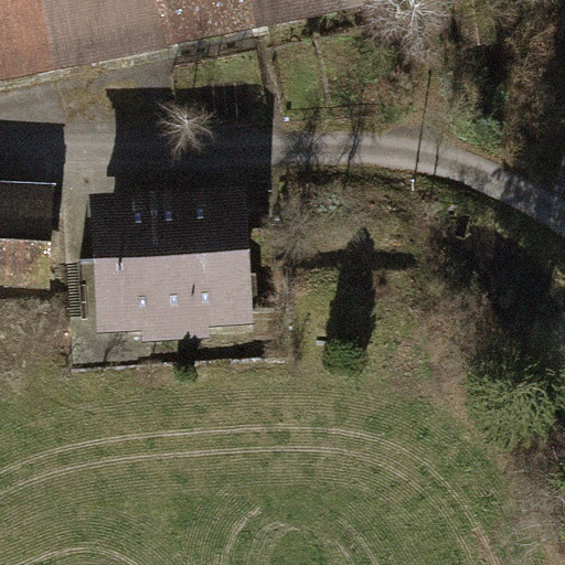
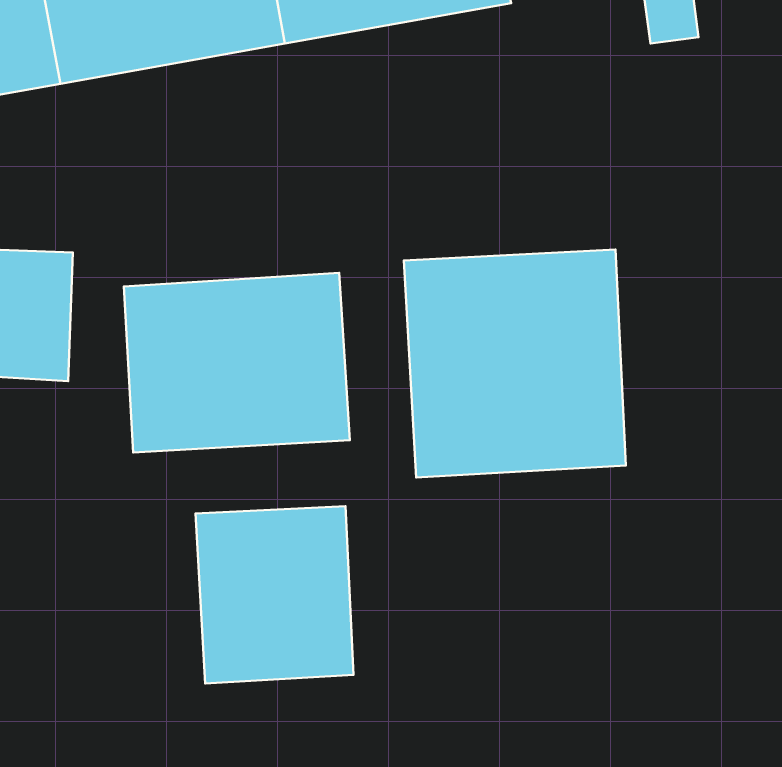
building: none -> [404,250,626,478]
building: none -> [196,506,354,683]

